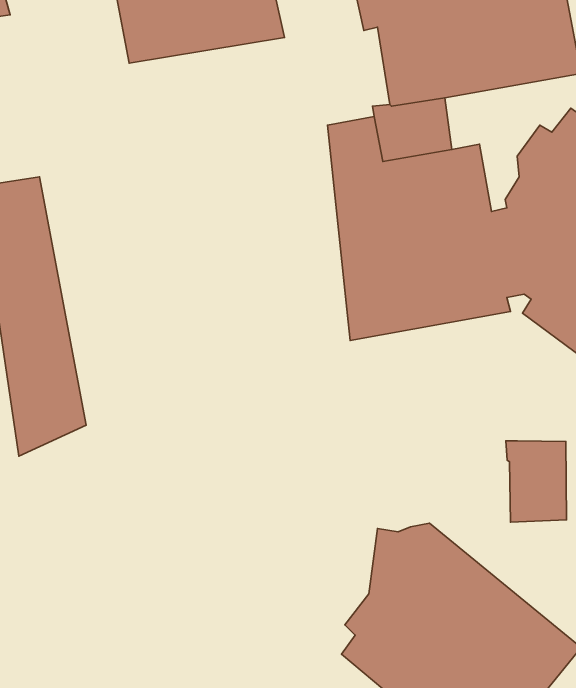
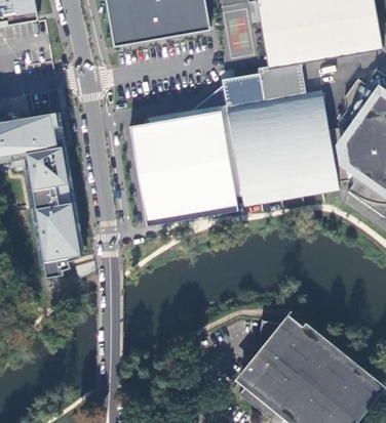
building: none -> [130,79,243,226]
building: [506,441,566,522] -> none

